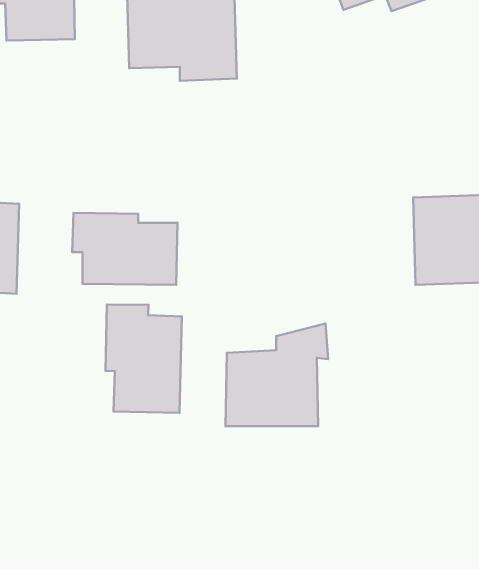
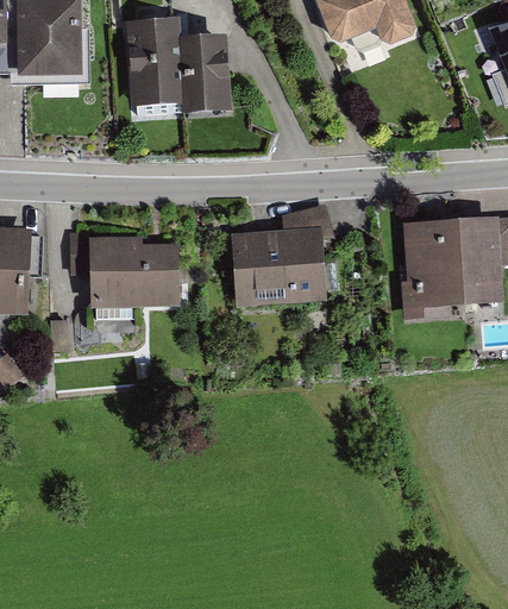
building: [106,305,182,413] -> none
building: [226,324,328,426] -> [234,205,331,301]

